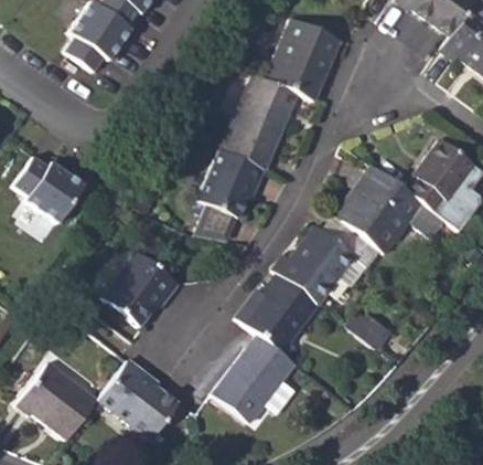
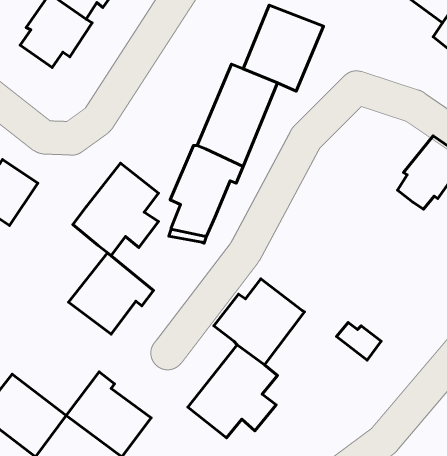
building: [343,163,447,252] -> none
building: none -> [73,163,159,255]
building: [277,226,371,304] -> none

